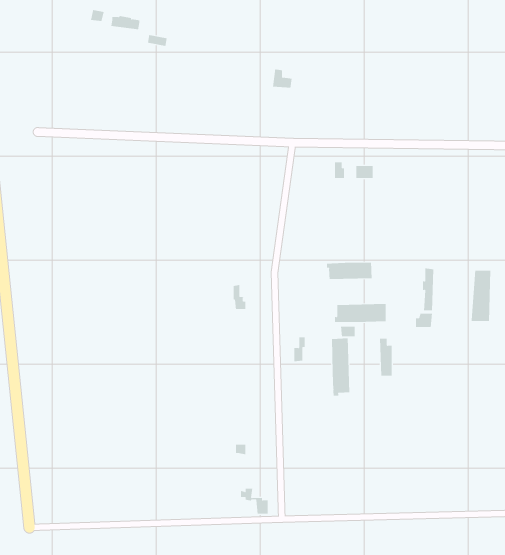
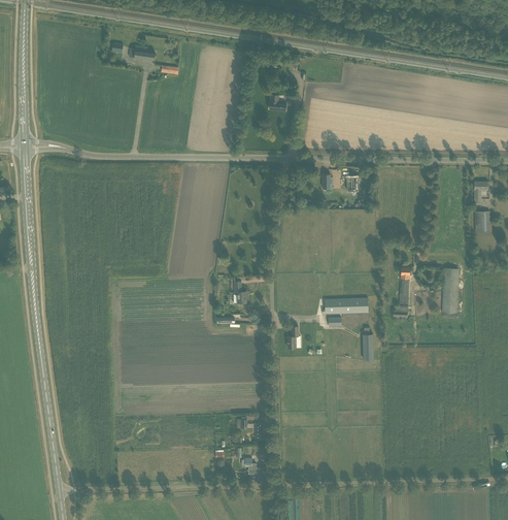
building: [326,262,372,280] -> none
building: [331,337,350,396] -> none

